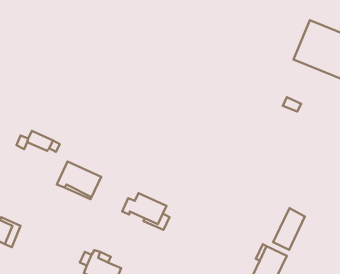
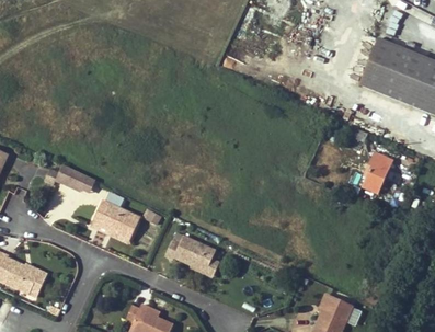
building: none -> [363,151,393,192]
building: [273,208,305,250] -> none

